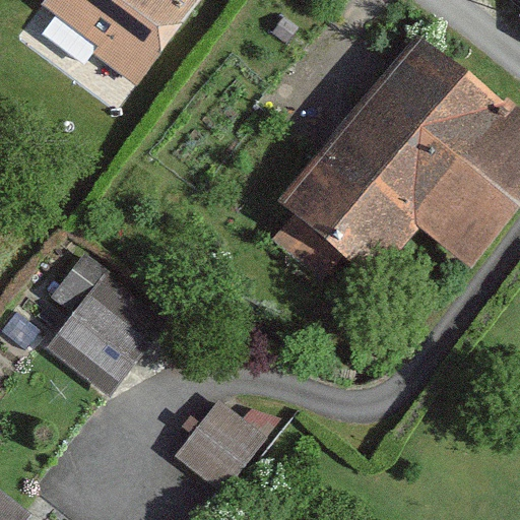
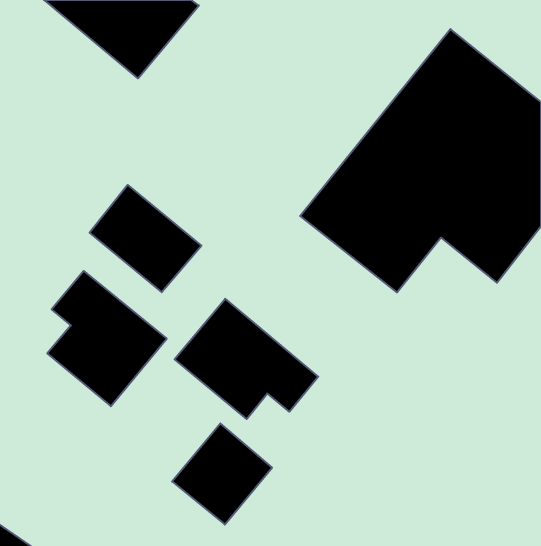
building: none -> [90,185,201,292]
building: none -> [175,299,318,419]

